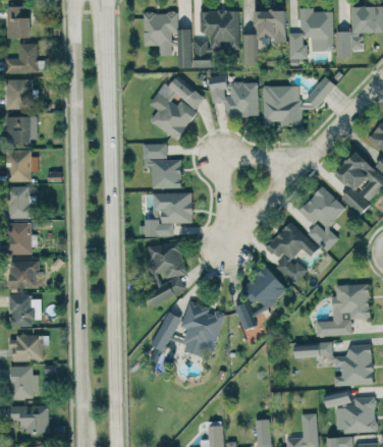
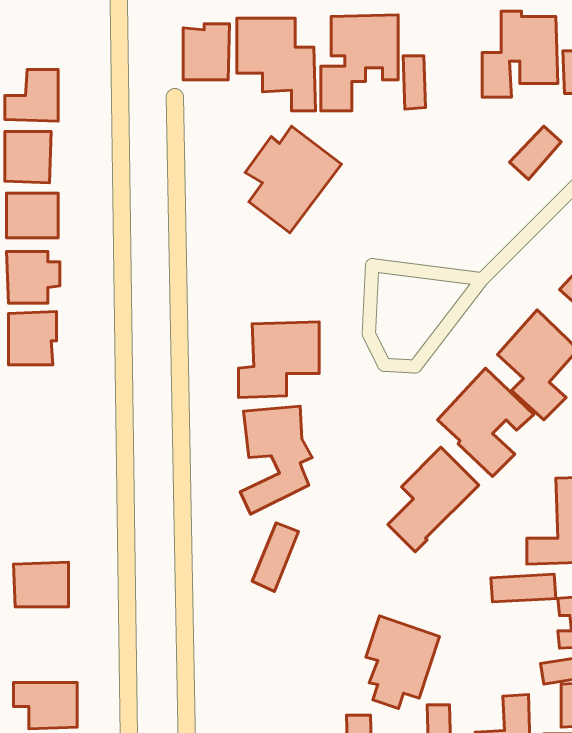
building: [8,6,31,39] -> none
building: [256,10,286,43] -> none
building: none -> [183,24,230,80]
building: [210,75,259,117] -> none
building: [263,86,302,126] -> none
building: [144,144,181,188] -> none
building: [10,222,38,255] -> none
building: [9,261,44,290] -> none
building: [10,294,42,327] -> none
building: [181,301,225,356] -> [366,616,440,709]
building: [10,366,38,398] -> none

